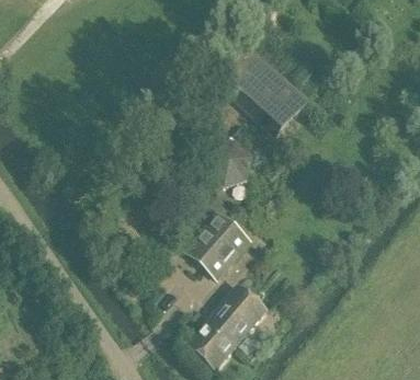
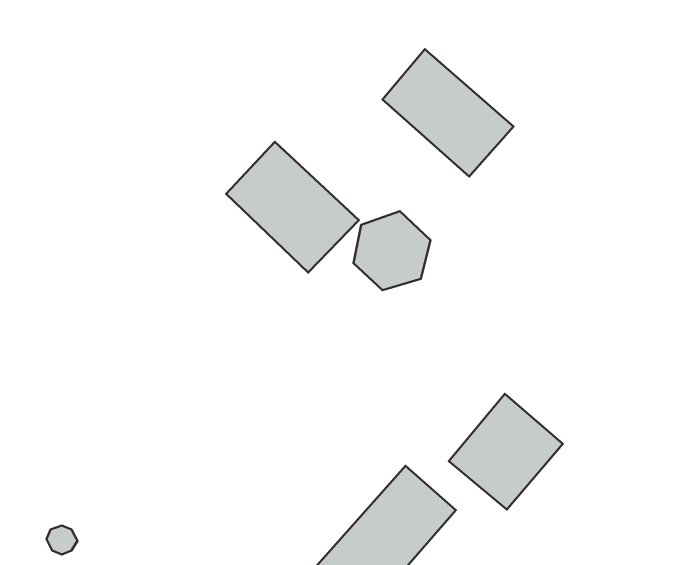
building: none -> [226,142,359,273]
building: [188,214,252,279] -> [449,394,563,509]

